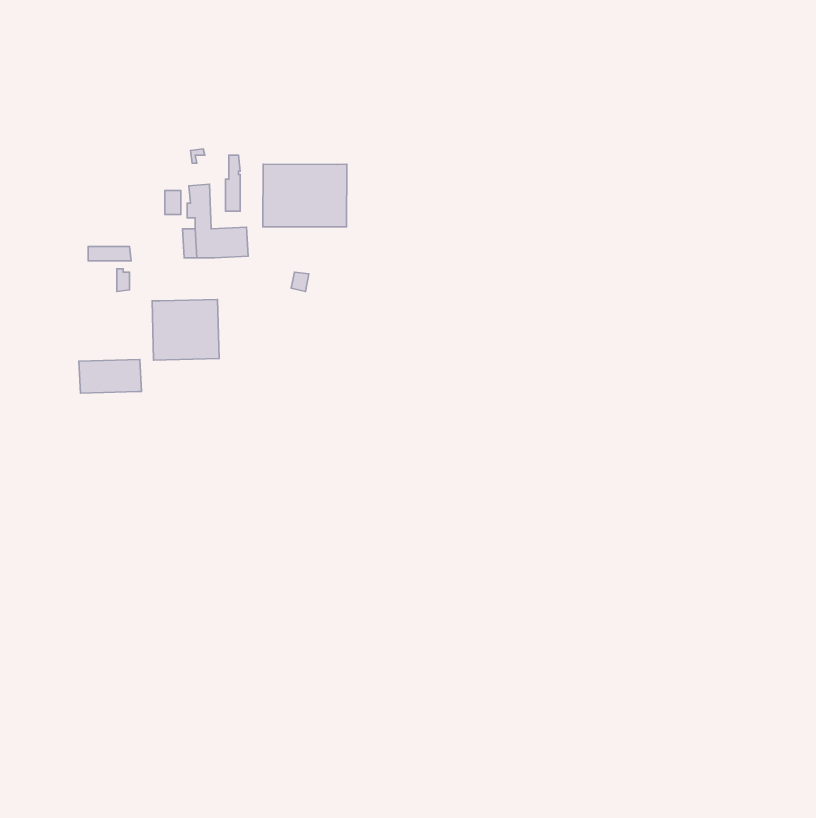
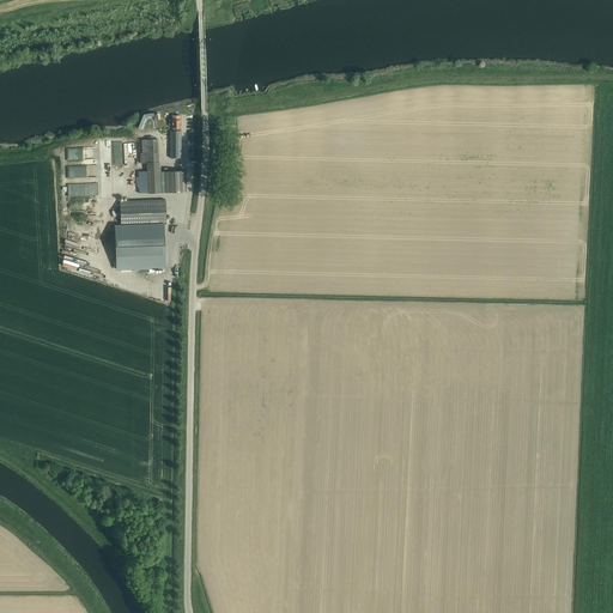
building: [263,164,347,227] -> none
building: [79,360,141,393] -> [119,200,165,225]

